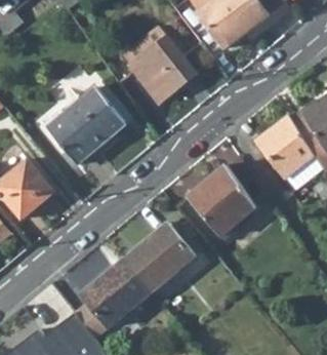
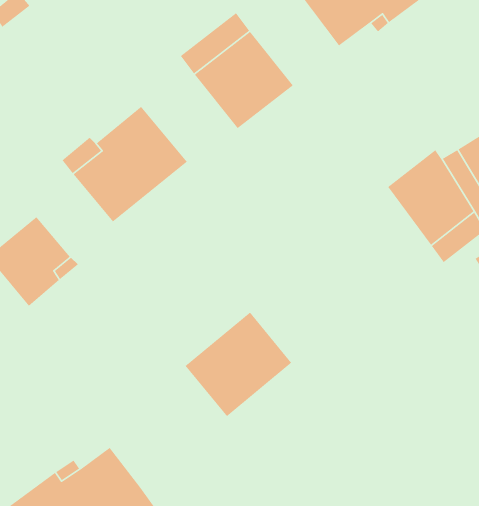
building: [188,165,256,238] -> none
building: [75,259,152,339] -> none

